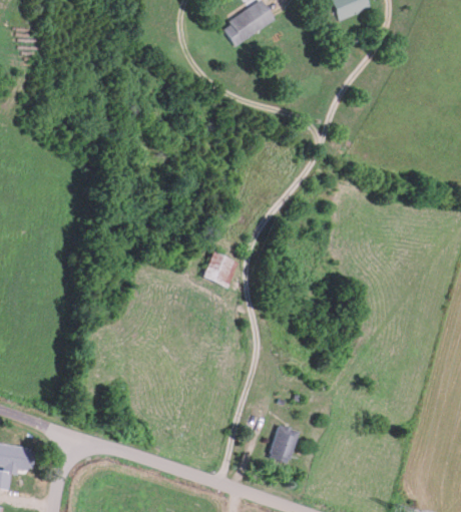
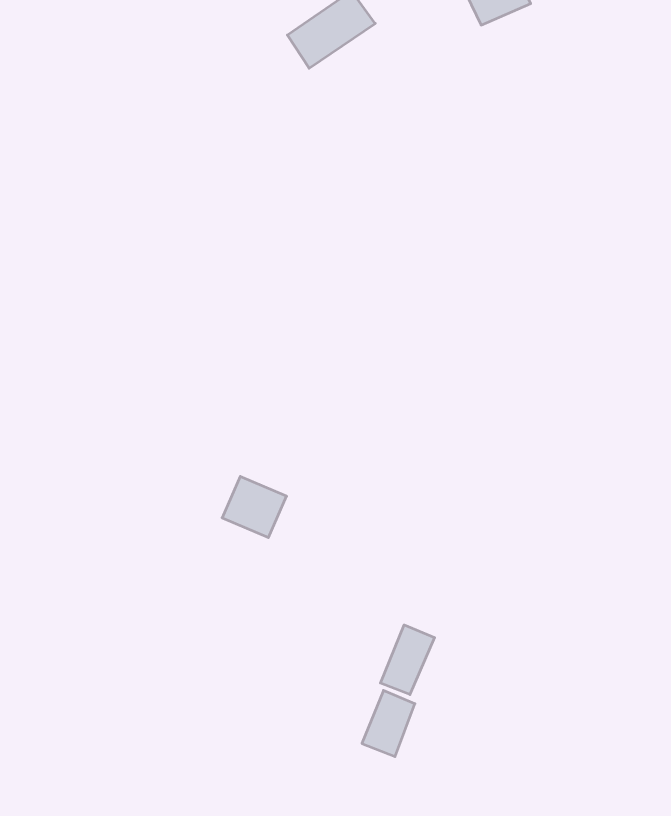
building: [200,249,240,287] -> [222,476,287,538]
building: none -> [380,625,435,695]

